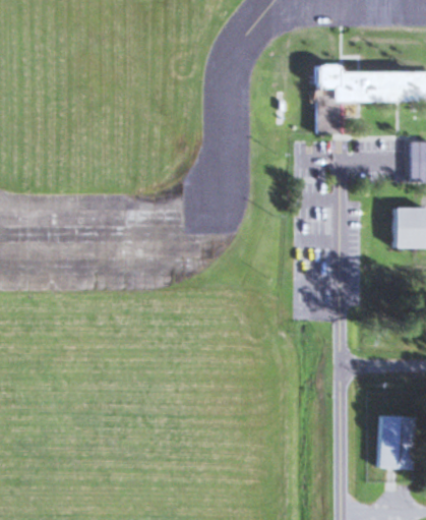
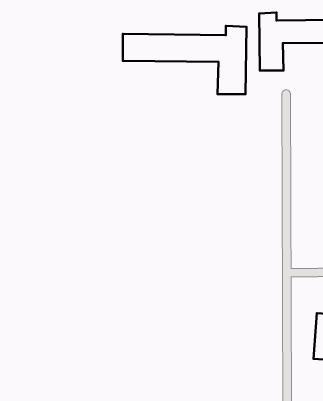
building: none -> [123,26,247,94]

